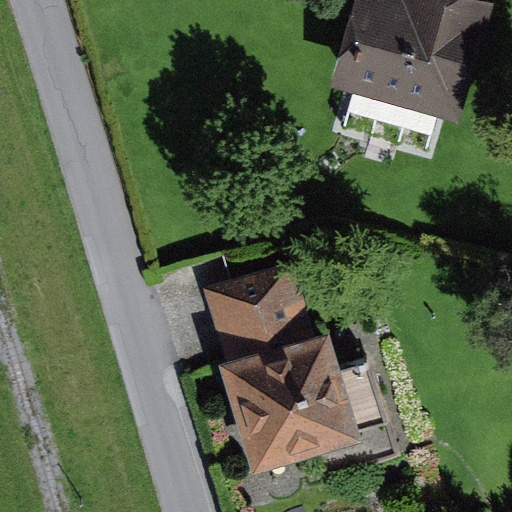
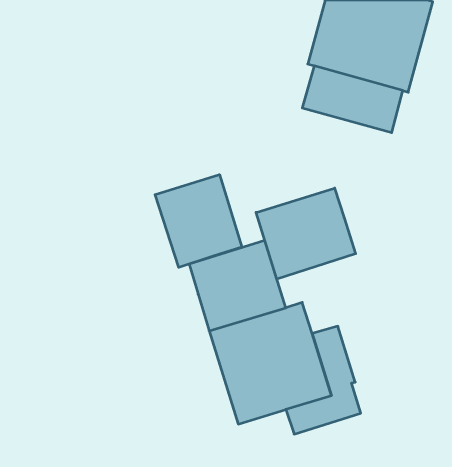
building: none -> [155,175,242,267]
building: none -> [256,188,356,279]

